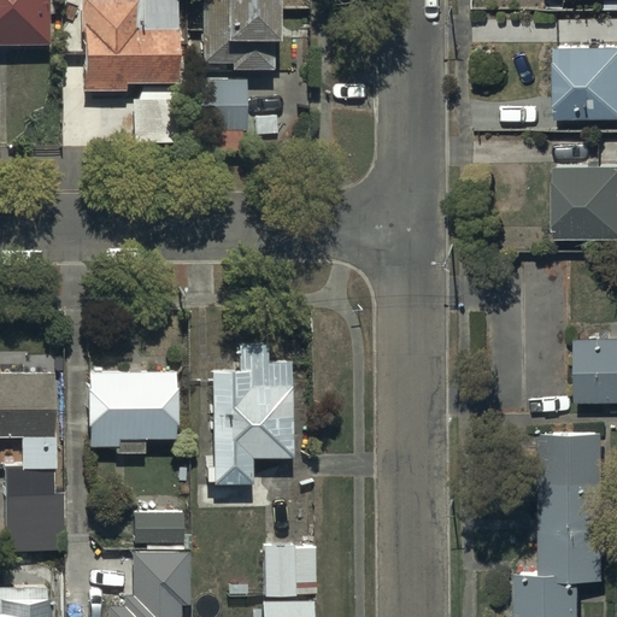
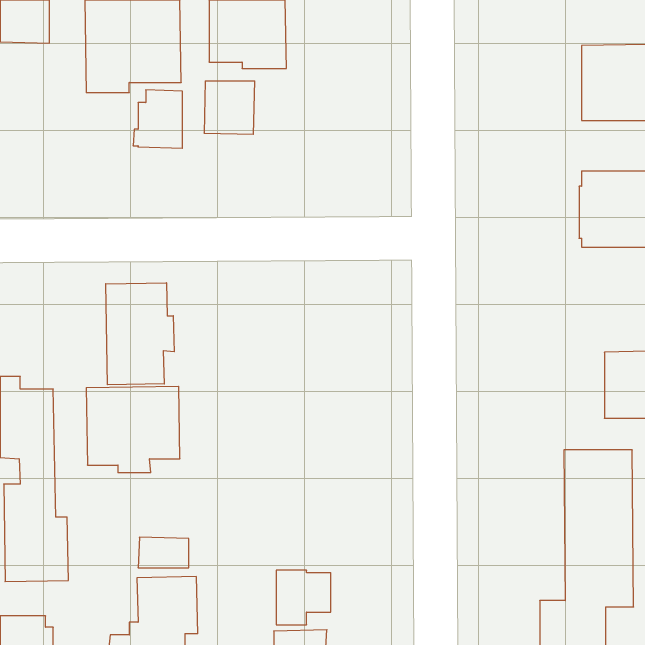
building: none -> [106,283,174,385]
building: [212,343,292,482] -> none

